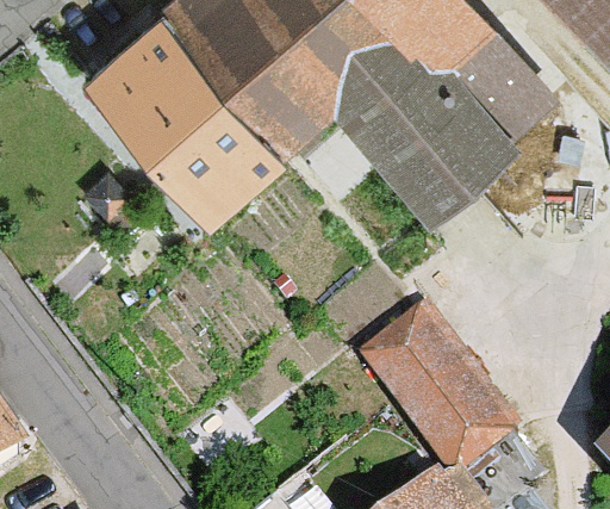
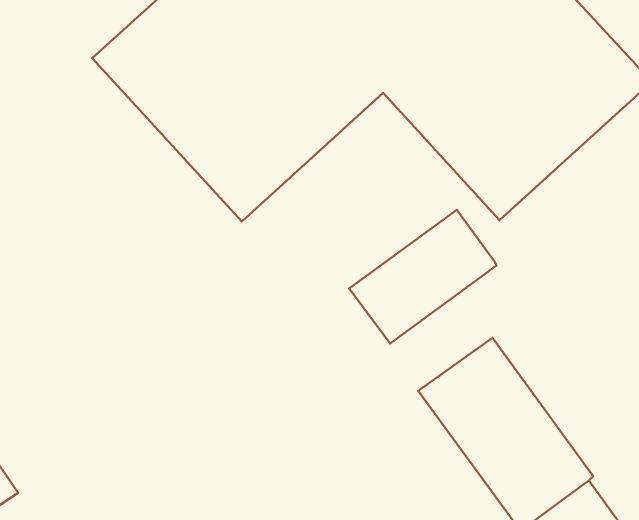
building: none -> [349,210,497,344]

